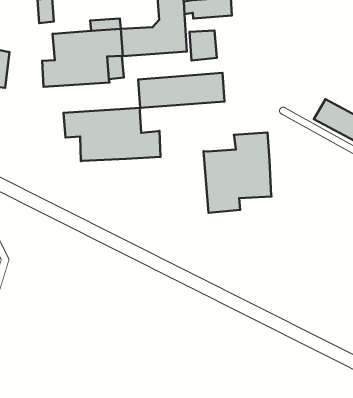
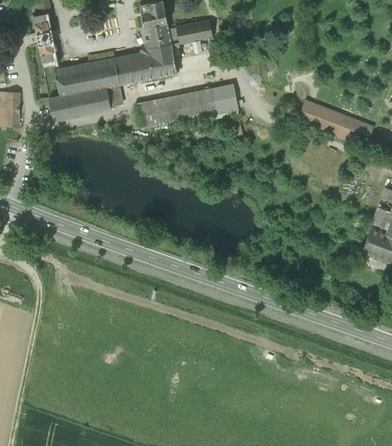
building: [189,30,217,60] -> [211,84,238,114]
building: [63,108,161,161] -> none
building: [204,133,271,213] -> none

